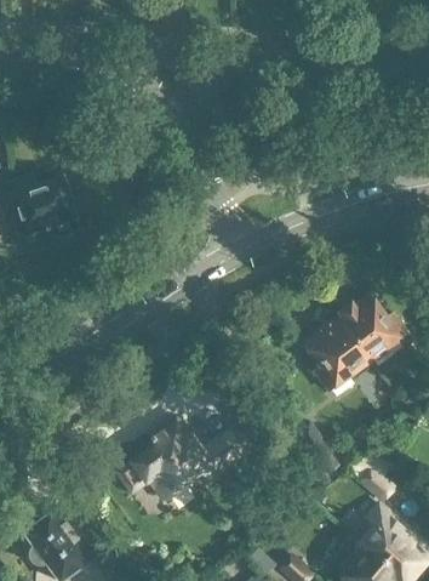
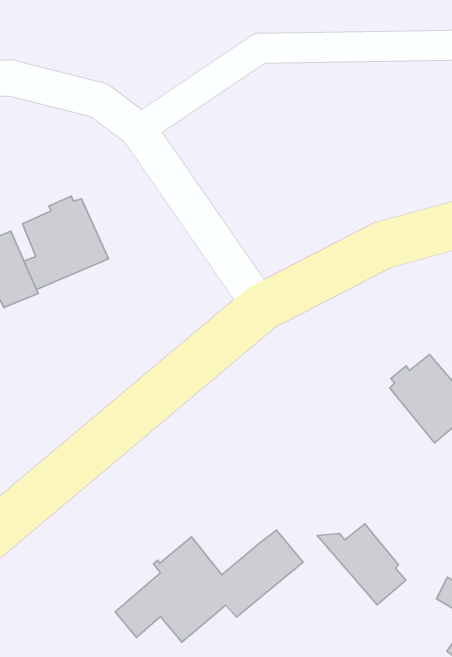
building: none -> [23,196,108,290]
building: [303,319,367,391] -> none

